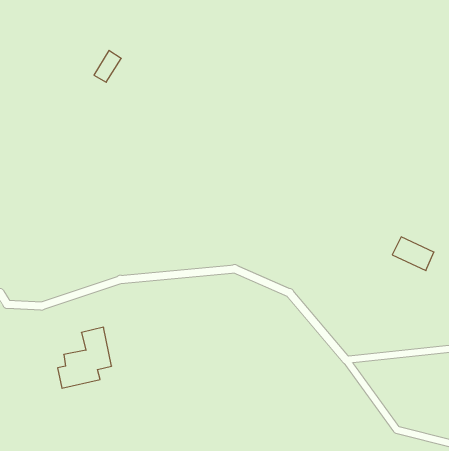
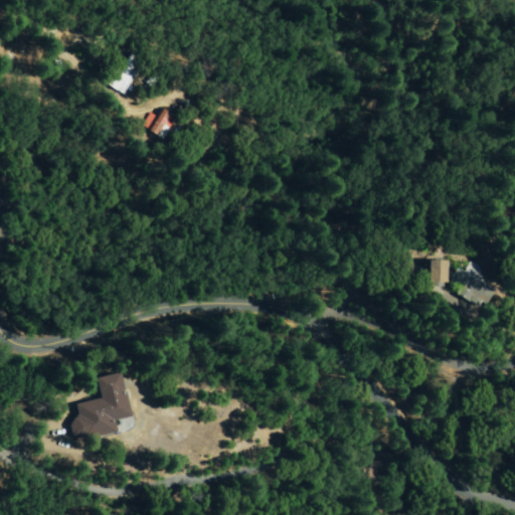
building: none -> [144,109,176,138]
building: none -> [430,260,450,282]

